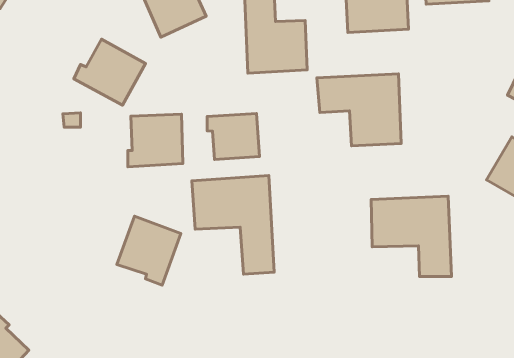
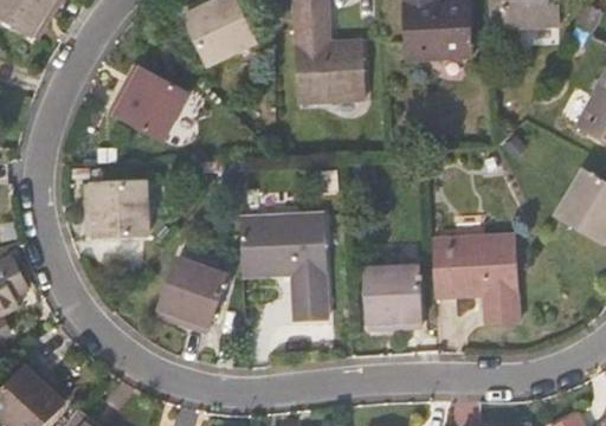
building: [317,74,401,146] -> none
building: [207,113,259,160] -> none
building: [128,114,183,167] -> [89,181,148,238]
building: none -> [365,266,420,325]

